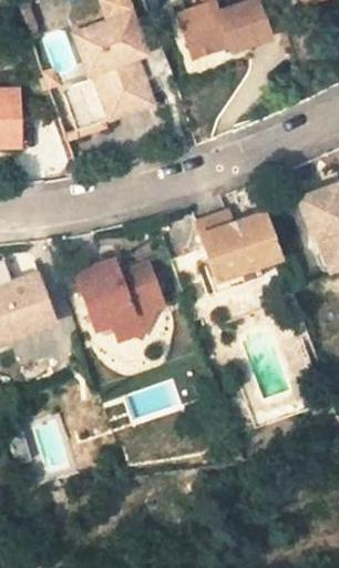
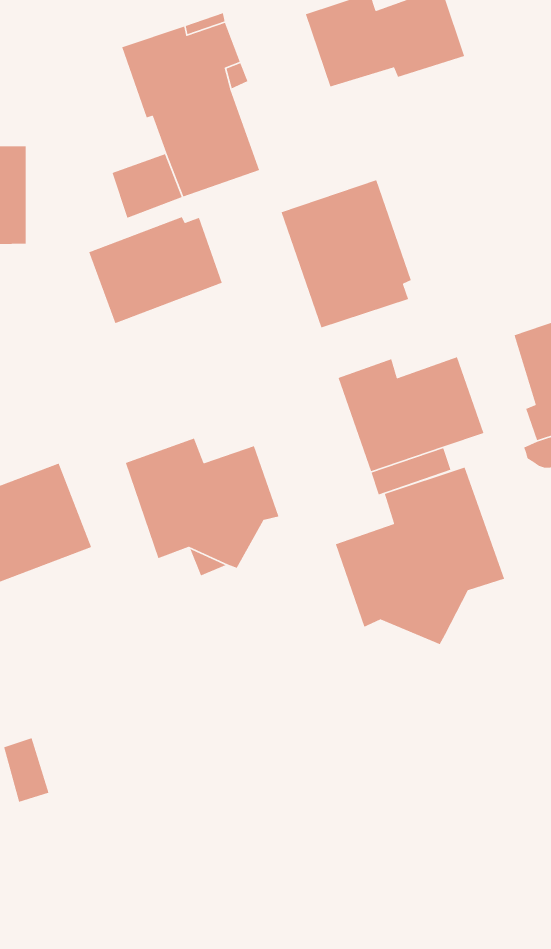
building: none -> [281,179,412,328]
building: none -> [88,216,223,324]
building: none -> [335,466,505,645]

